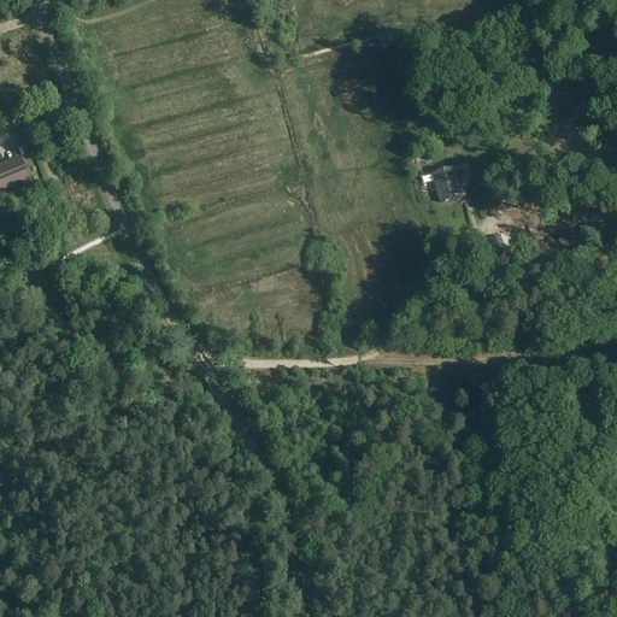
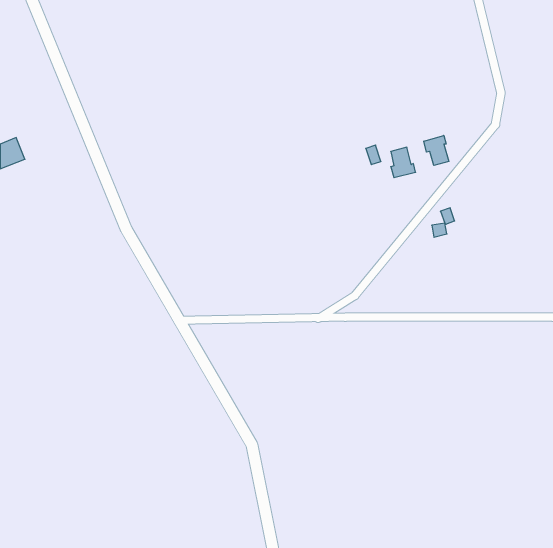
building: none -> [424,135,449,165]

